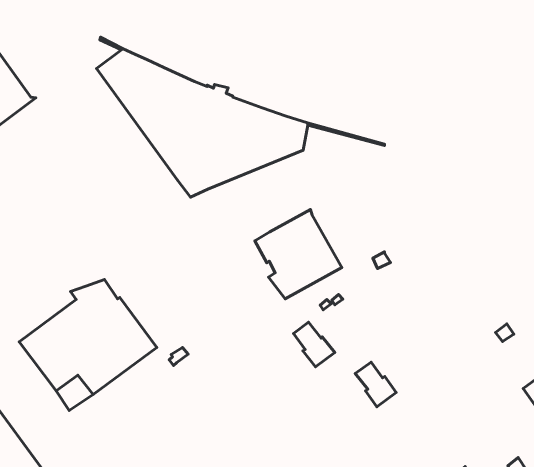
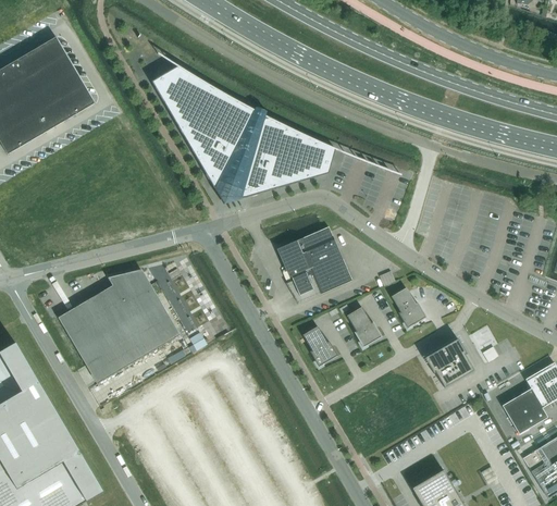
building: none -> [391,286,425,328]
building: none -> [424,337,473,386]
building: [355,362,396,407] -> [346,306,381,346]

